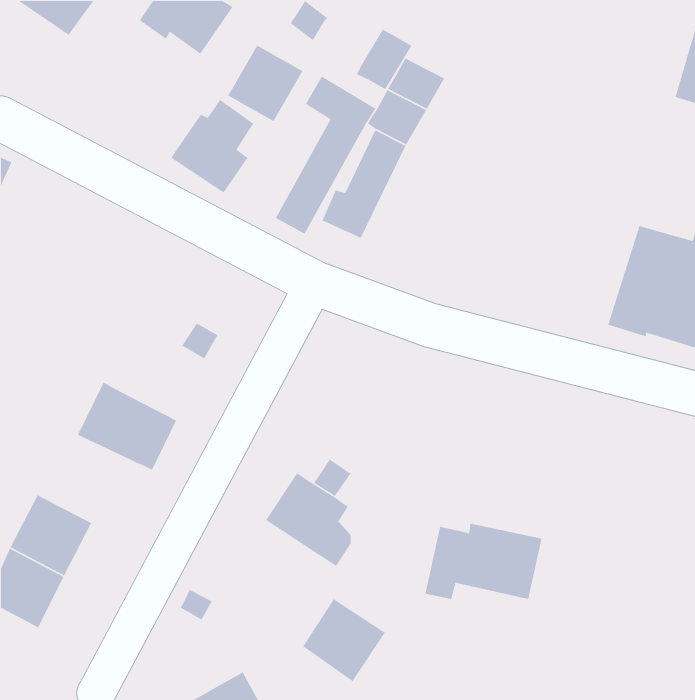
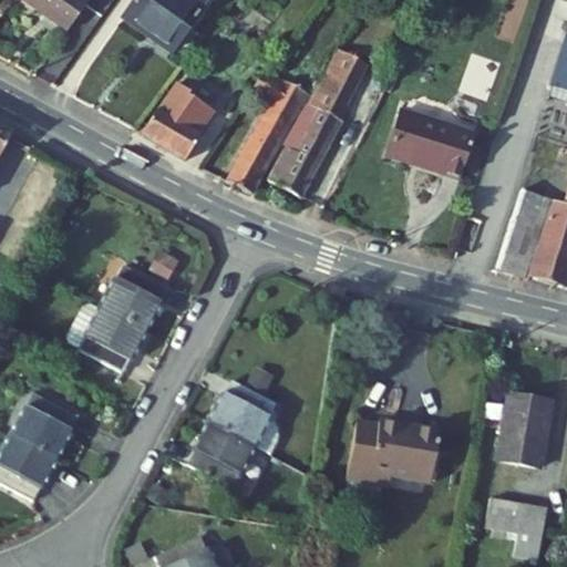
building: [356,28,413,90] -> none
building: [227,44,304,122] -> none
building: none -> [388,99,474,163]
building: none -> [103,275,169,340]
building: none -> [497,398,557,474]
building: [302,598,386,682] -> [194,421,261,488]
building: none -> [485,502,545,555]

